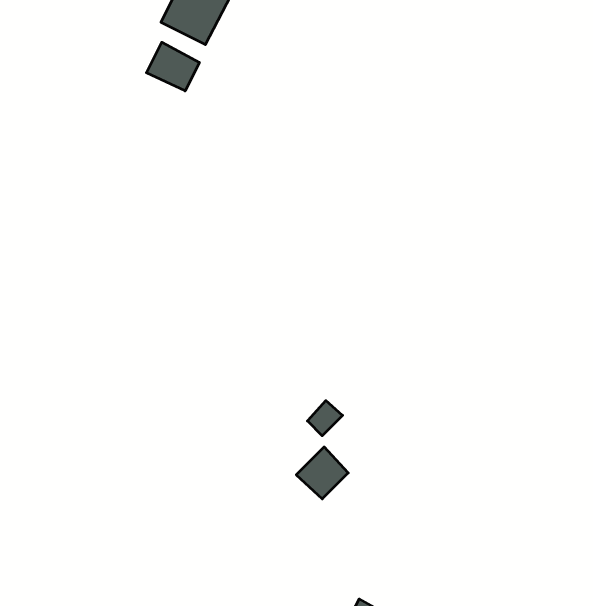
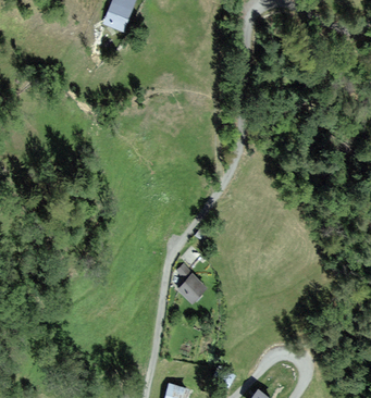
building: [146,42,199,91] -> none

